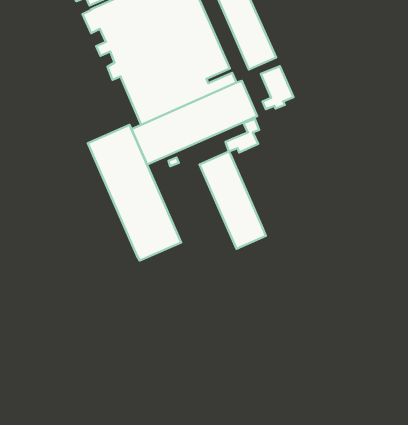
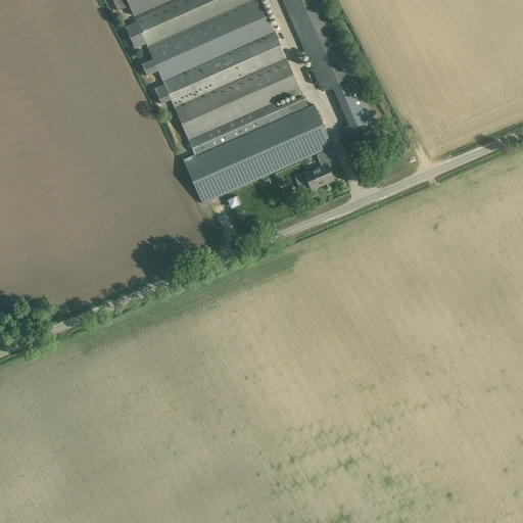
building: [88,125,181,261] -> none
building: [199,151,266,249] -> none

